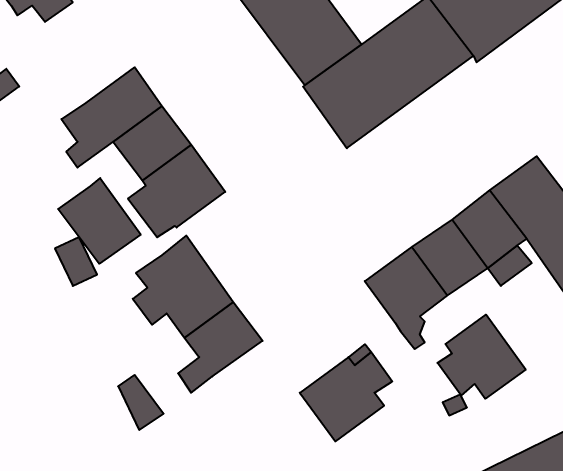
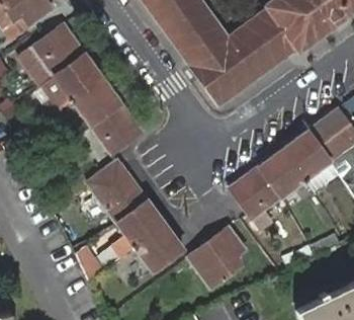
building: none -> [34,24,86,76]
building: [58,178,141,264] -> none
building: [437,315,526,399] -> none
building: none -> [135,225,184,271]

